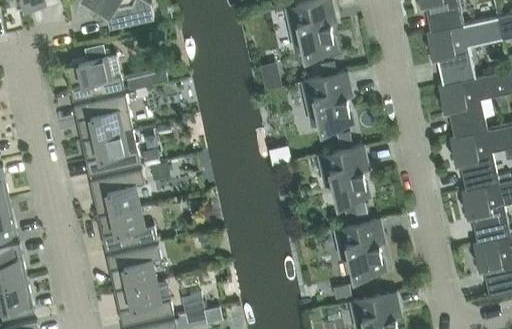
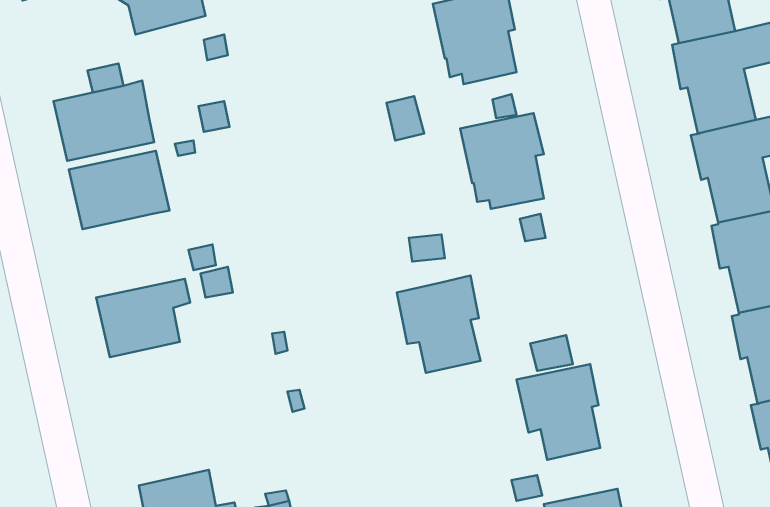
building: [82,130,141,176] -> none
building: [320,146,369,203] -> [397,276,481,373]
building: [98,207,157,251] -> none
building: [107,245,162,291] -> none

